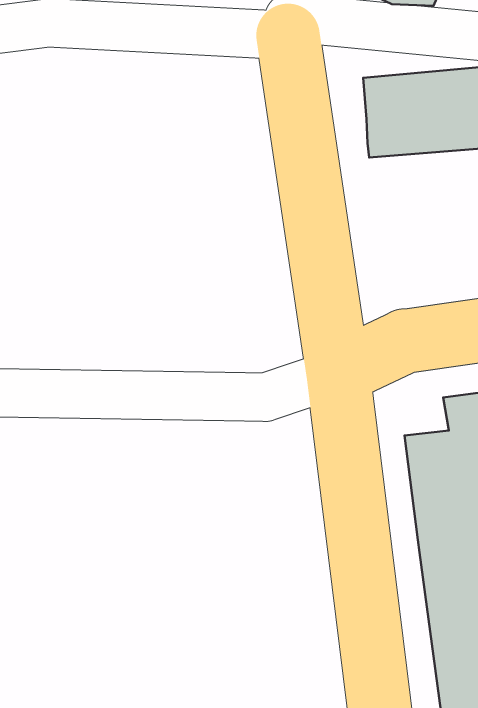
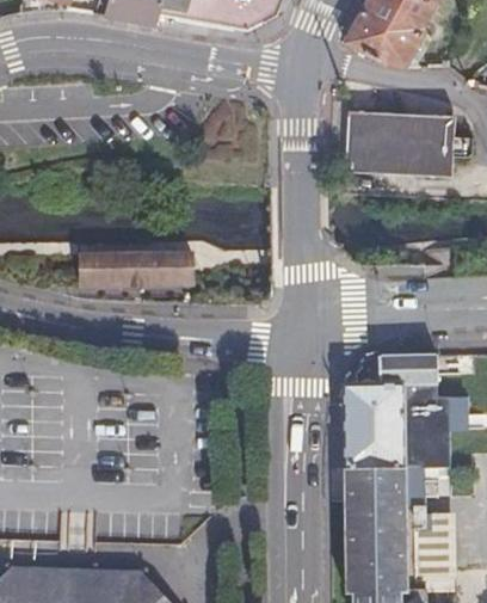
building: none -> [76,250,190,282]

